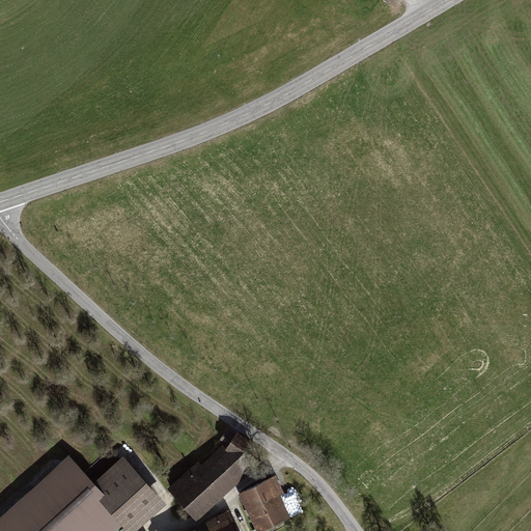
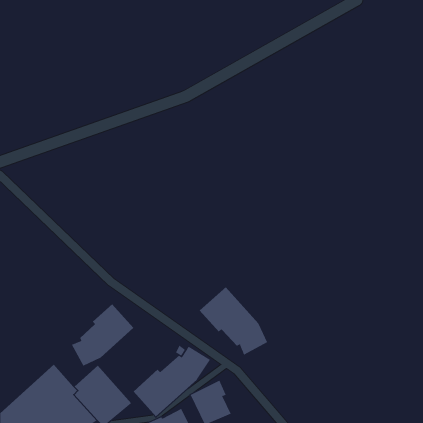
building: none -> [199,286,268,356]
building: none -> [71,303,134,366]

